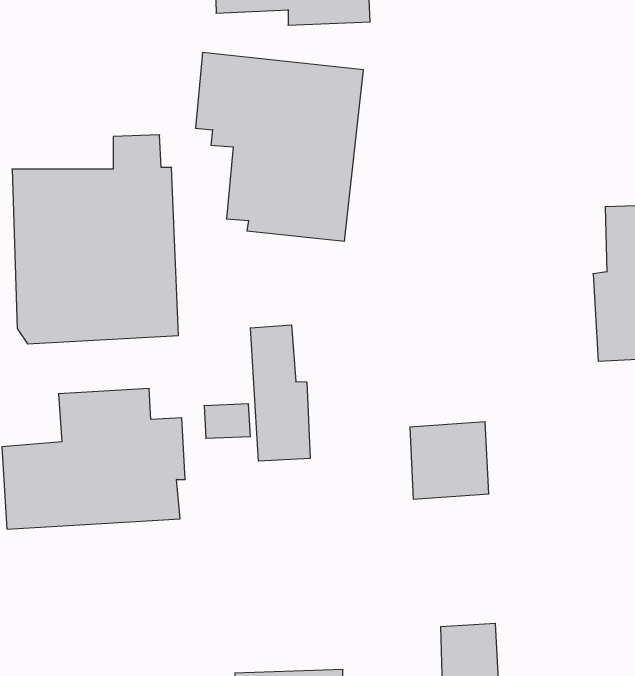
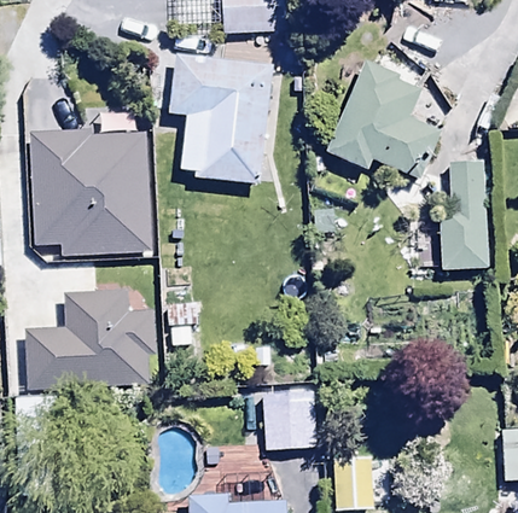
building: none -> [325,60,442,180]
building: [251,325,310,461] -> none
building: [410,422,489,499] -> [261,395,316,449]

